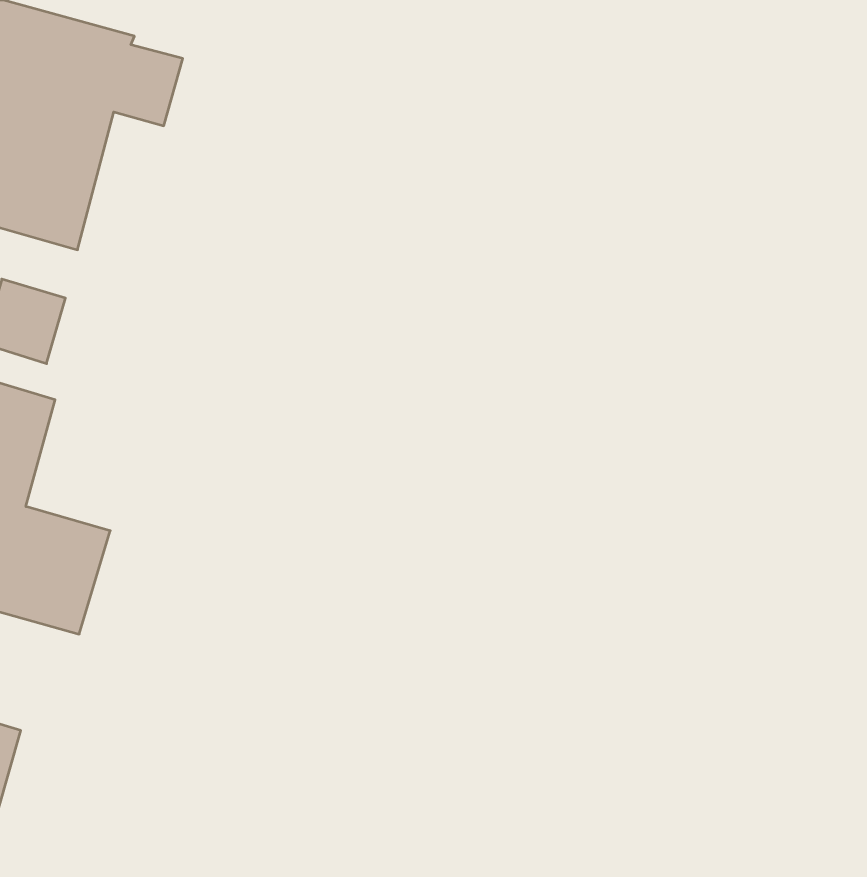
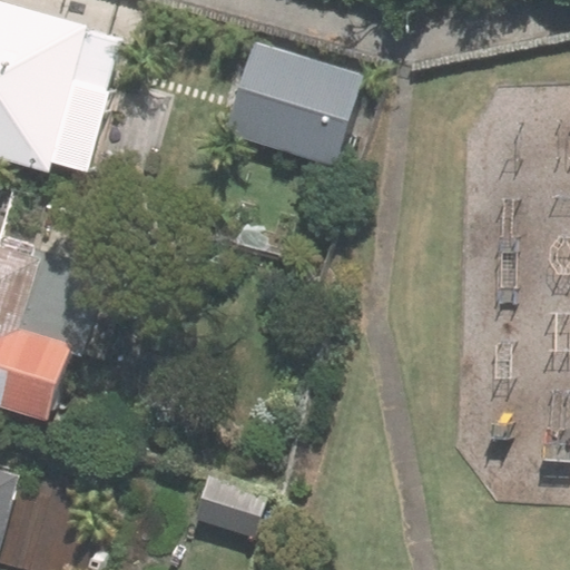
building: none -> [232,46,360,164]

